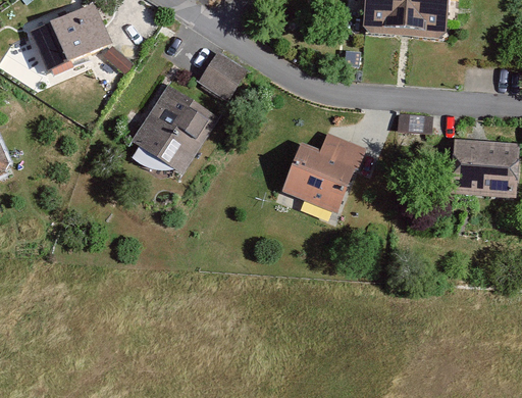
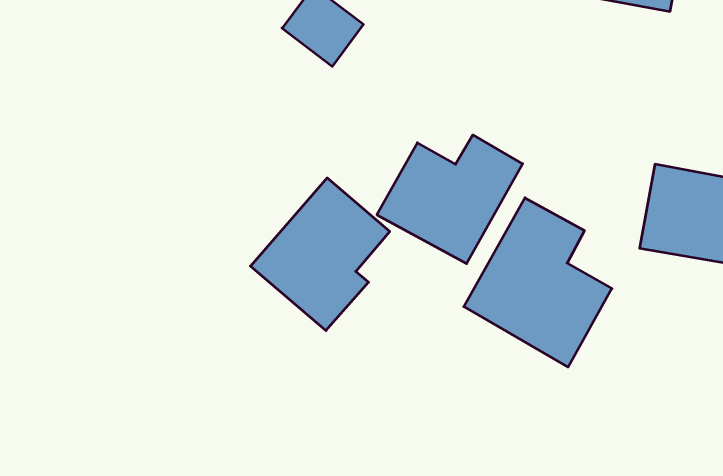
building: [126,79,215,179] -> [250,178,390,331]
building: none -> [464,198,612,367]

